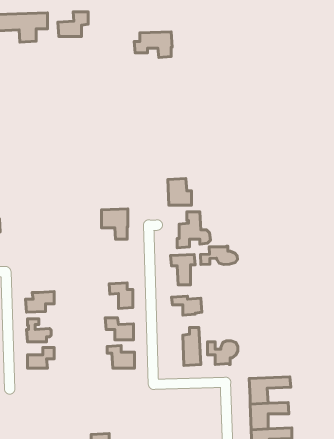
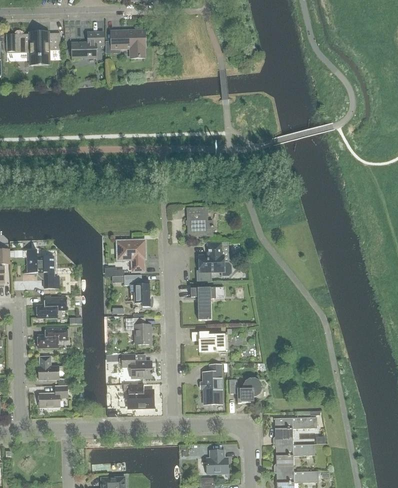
building: [134,32,172,58] -> [105,30,145,57]
building: none -> [22,249,59,288]
building: none -> [124,274,150,306]
building: [200,246,237,265] -> none
building: none -> [37,297,67,317]
building: none -> [206,449,228,473]

